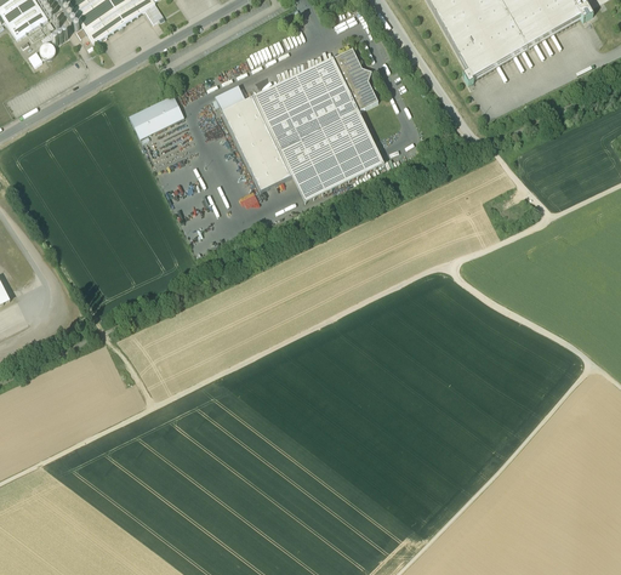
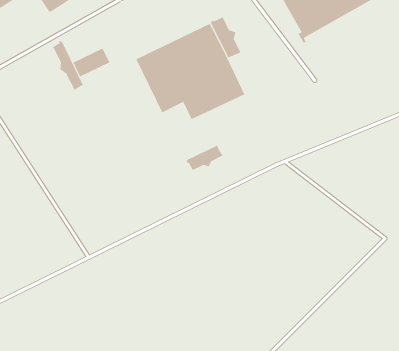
building: none -> [52,40,84,91]
building: none -> [186,145,223,171]

